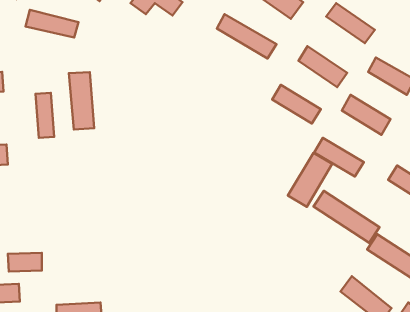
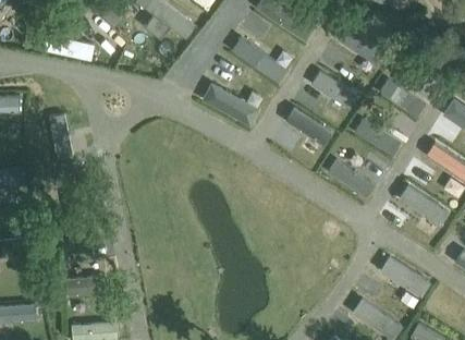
building: none -> [201,83,260,126]
building: [69,72,94,129] -> none
building: [288,153,332,207] -> none
building: [313,191,380,243] -> none
building: [8,253,42,272] -> [65,277,99,295]

